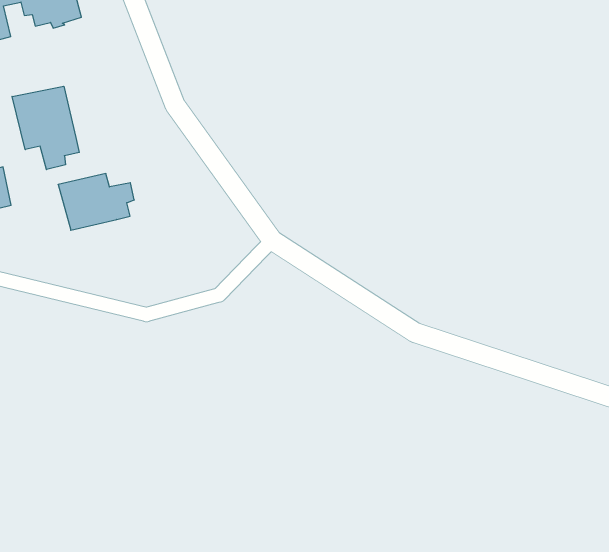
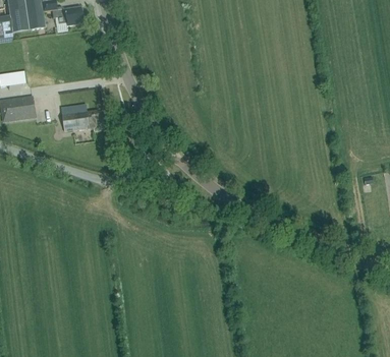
building: [12,86,79,170] -> none

